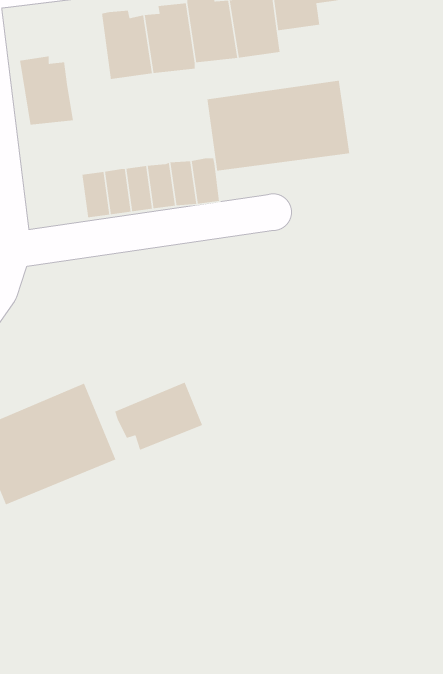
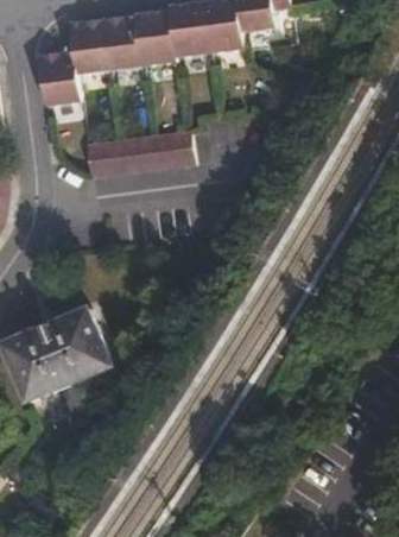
building: none -> [69,18,108,74]
building: [207,80,350,172] -> none
building: [114,382,203,451] -> none

